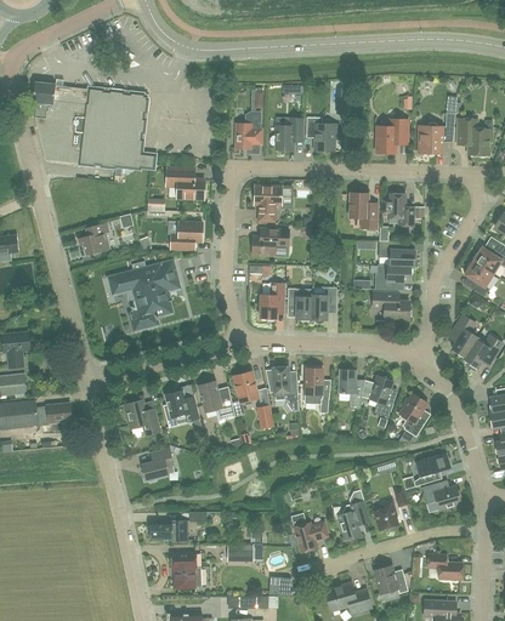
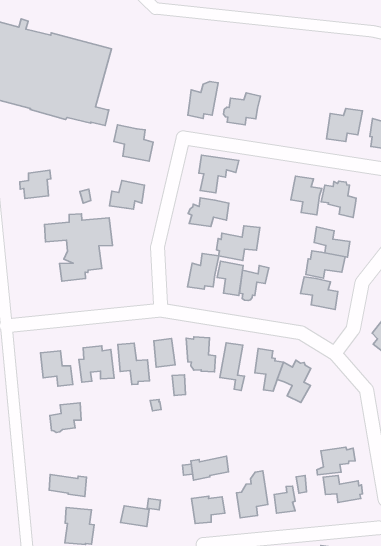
building: [306,116,337,152] -> none
building: none -> [217,226,260,261]
building: [399,392,427,437] -> none
building: none -> [191,456,228,480]

